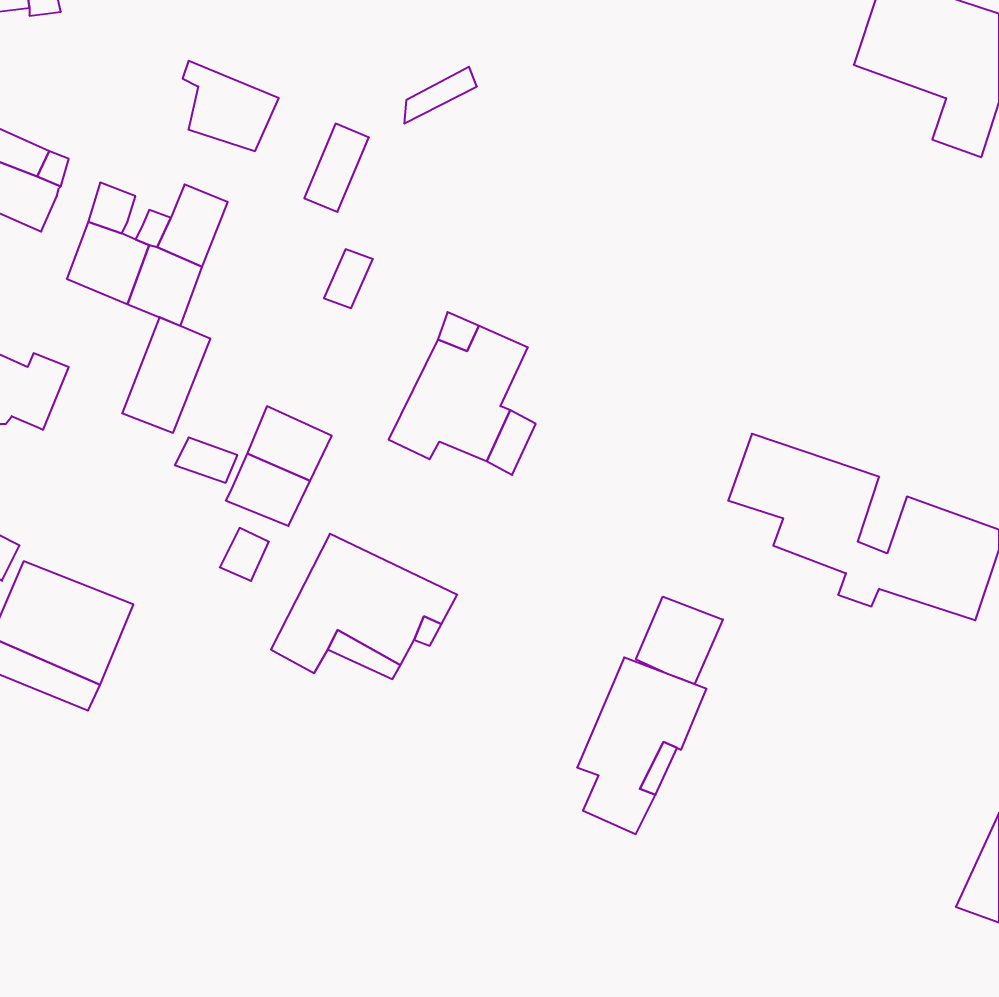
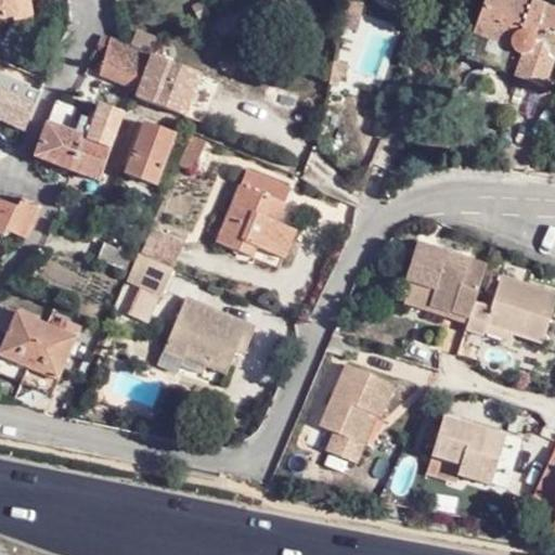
building: none -> [135,54,185,109]
building: [122,317,210,433] -> [125,121,173,185]
building: [636,597,723,684] -> none
building: none -> [430,417,514,491]

